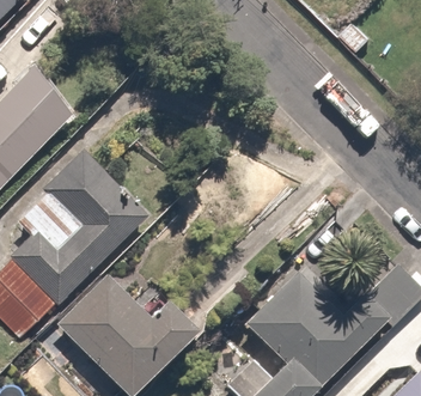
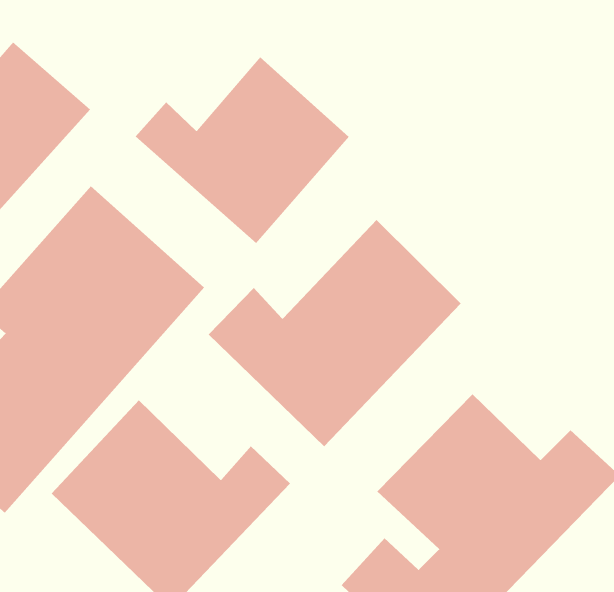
building: none -> [135,57,349,244]
building: none -> [208,219,462,447]

